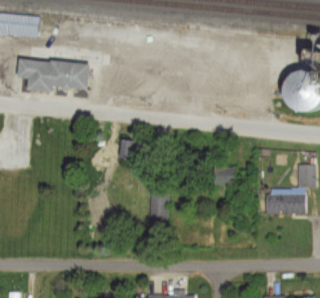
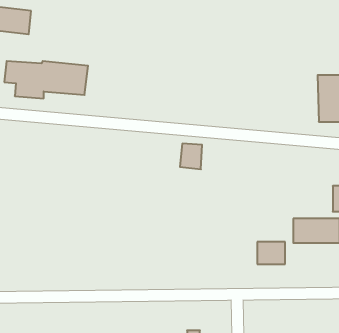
building: [119,140,138,162] -> [180,144,202,169]
building: [214,167,238,186] -> [257,242,285,264]
building: [151,192,170,221] -> none

